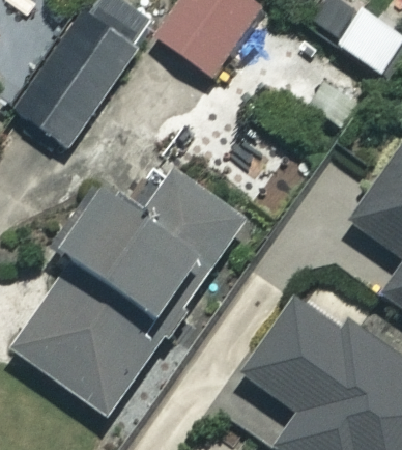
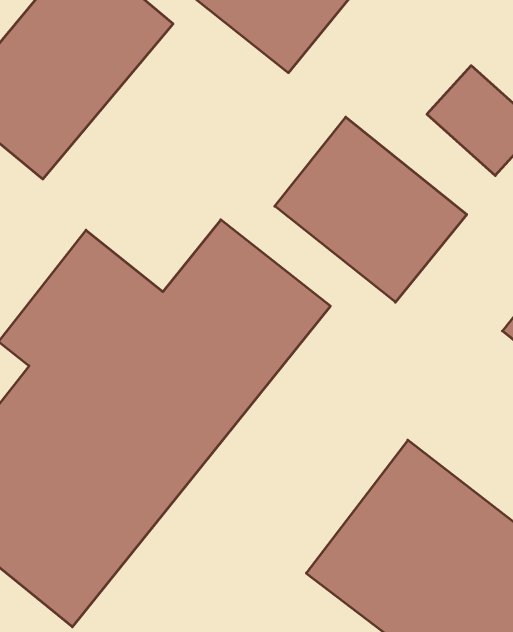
building: none -> [275,117,467,302]

